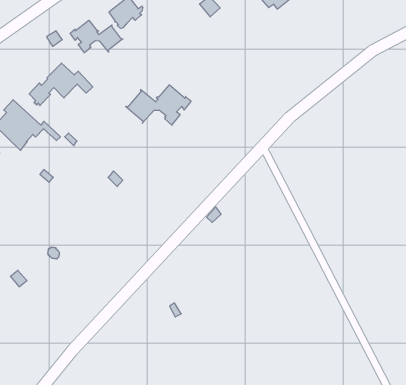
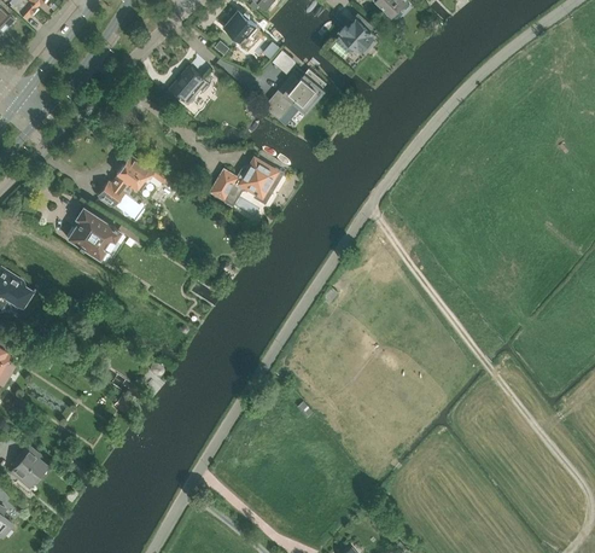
building: none -> [264,70,326,126]
building: [70,20,123,53] -> none

